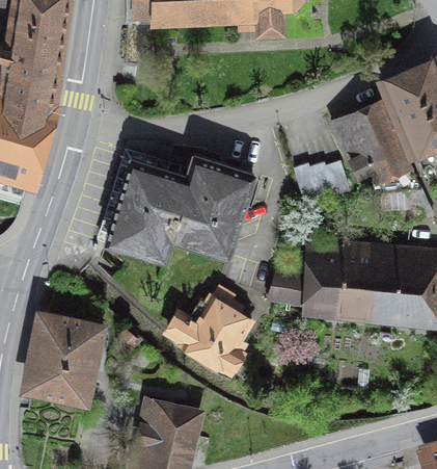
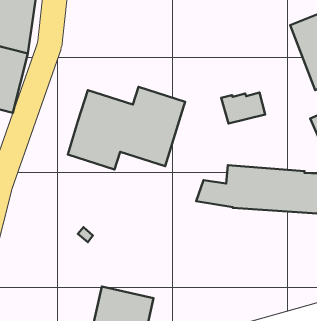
building: [339,99,406,183] -> none
building: [167,290,248,370] -> none
building: [30,319,104,396] -> none

